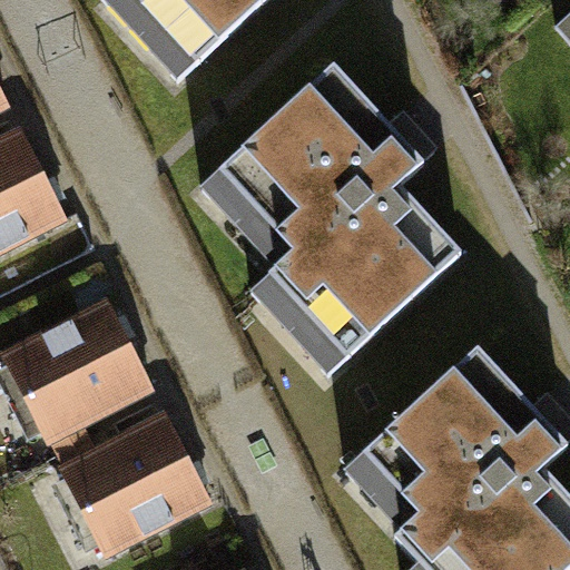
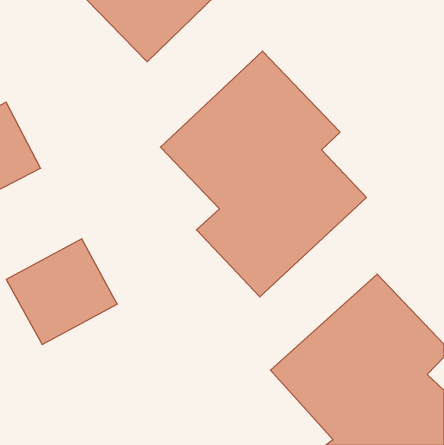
building: [61,416,202,550] -> none

